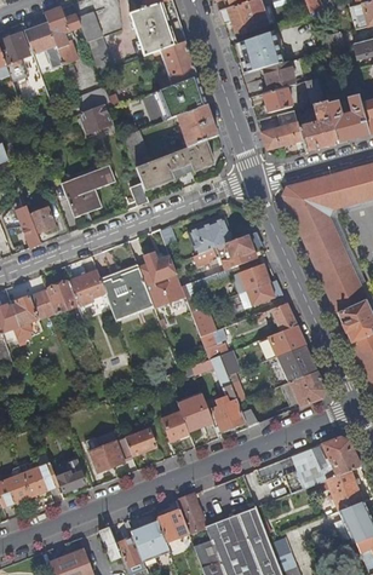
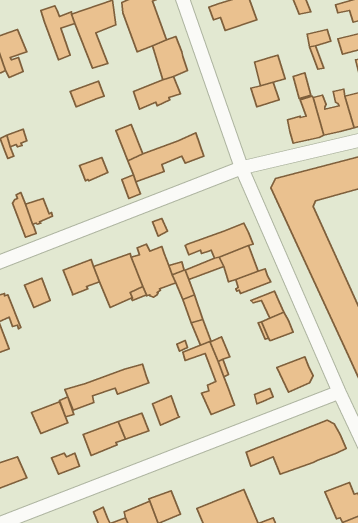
building: [24,25,63,68] -> none
building: [239,30,281,73] -> none
building: [79,104,110,133] -> none
building: [176,104,217,148] -> none
building: [259,109,302,148] -> none
building: [67,173,101,217] -> none
building: [188,217,234,254] -> none
building: [46,281,78,314] -> none
building: [11,297,38,340] -> none
building: [282,345,317,381] -> none
building: none -> [65,364,149,410]
building: [177,393,212,431] -> none
building: [21,462,58,495] -> [31,402,68,434]
building: [326,470,363,510] -> none
building: [176,493,206,533] -> none

